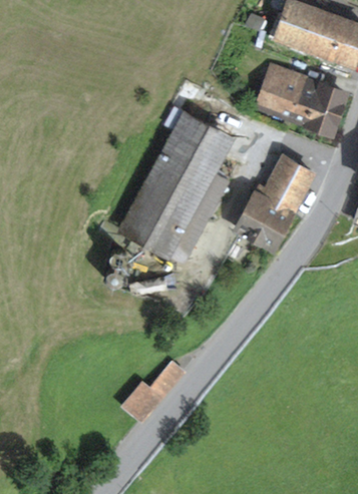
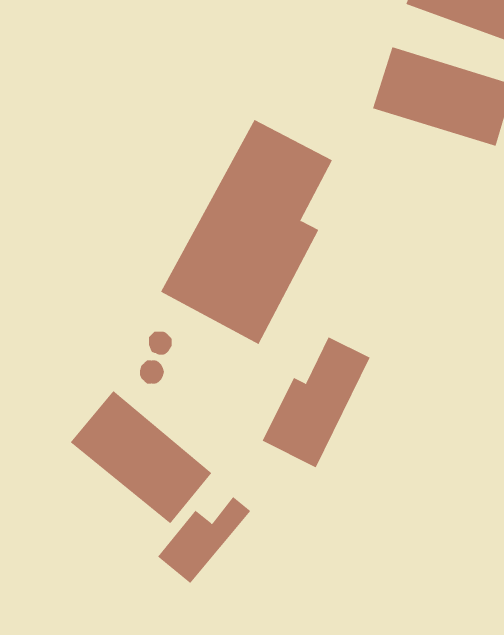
building: [237,160,309,248] -> [262,336,371,468]
building: none -> [70,390,212,524]

